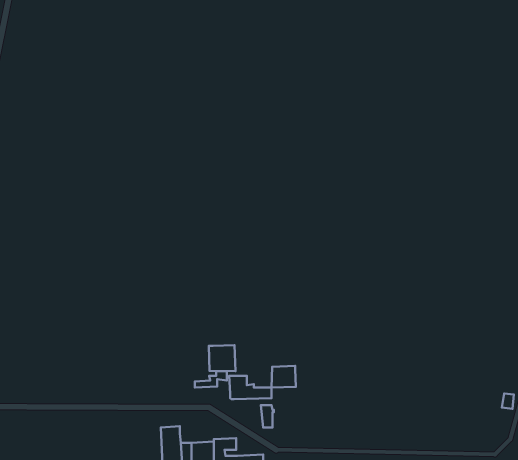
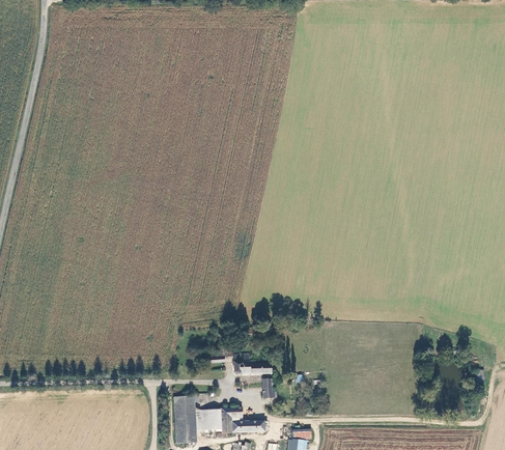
building: [209,345,235,371] -> none
building: [271,366,296,388] -> none

